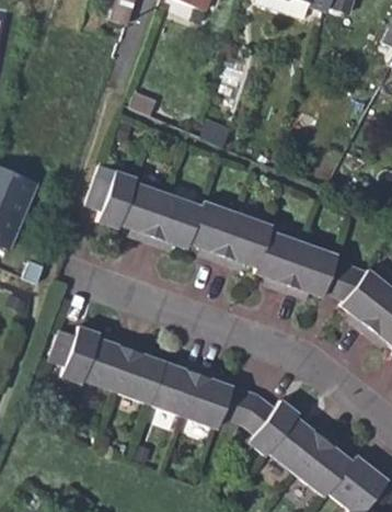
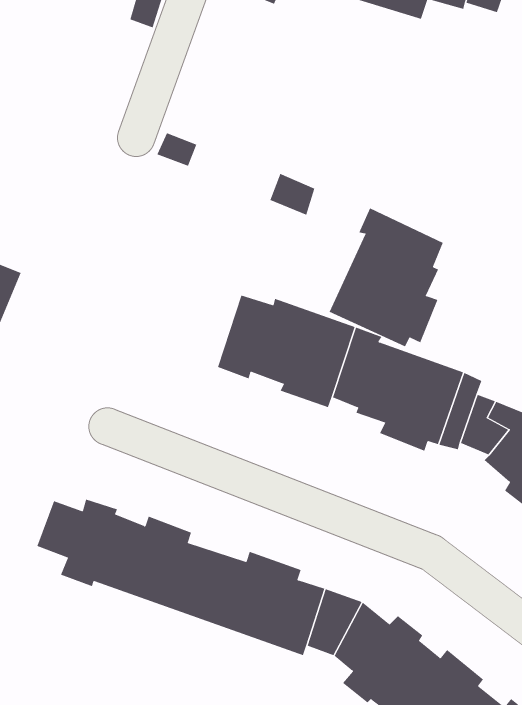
building: none -> [329,207,444,347]
building: [84,168,183,248] -> none

